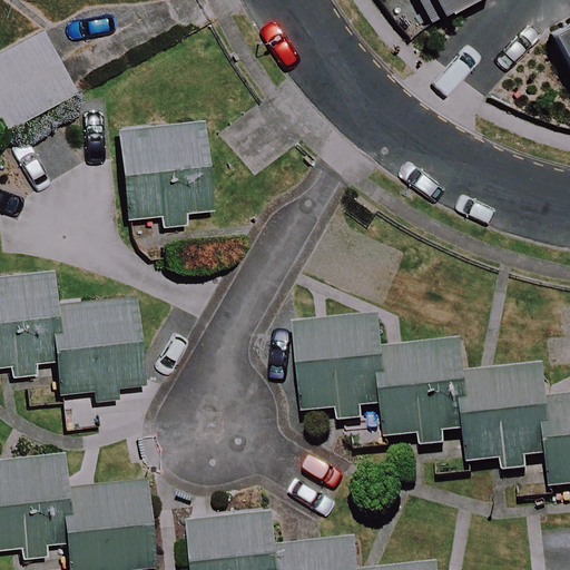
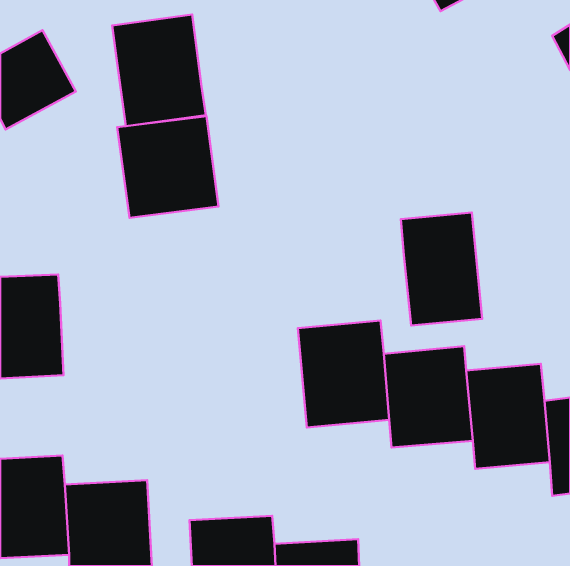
building: none -> [112,14,206,126]
building: none -> [401,213,482,326]
building: [60,298,141,402] -> none

